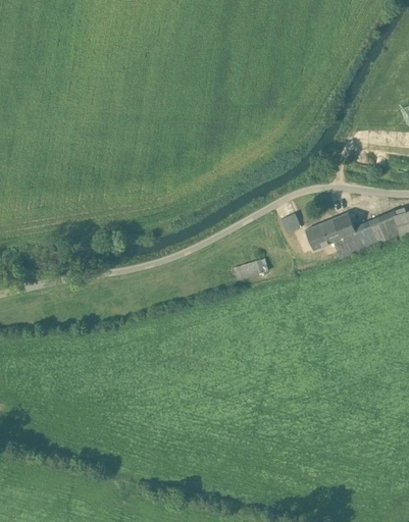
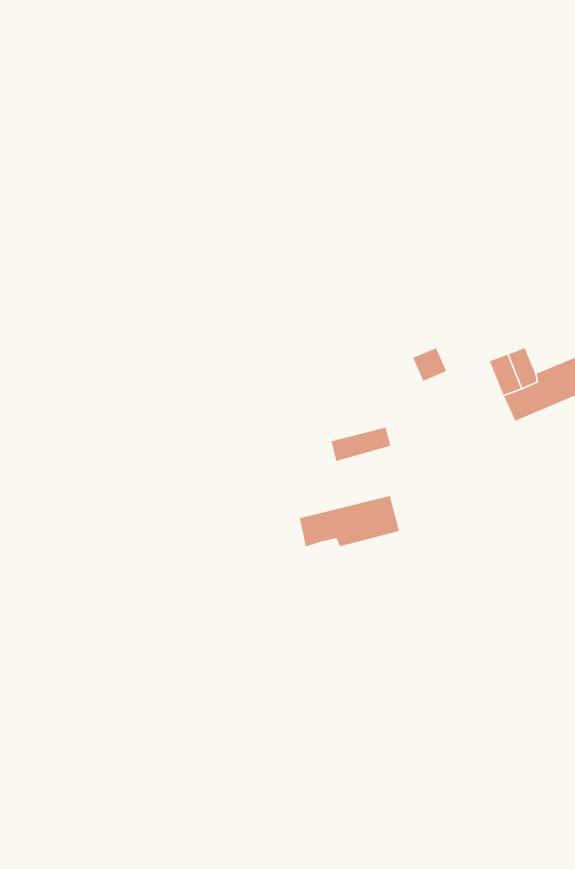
building: [306,221,335,250] -> none
building: none -> [299,495,400,547]

